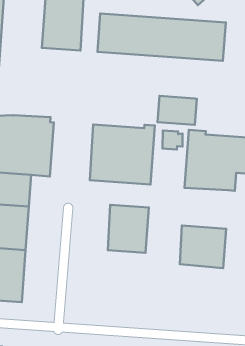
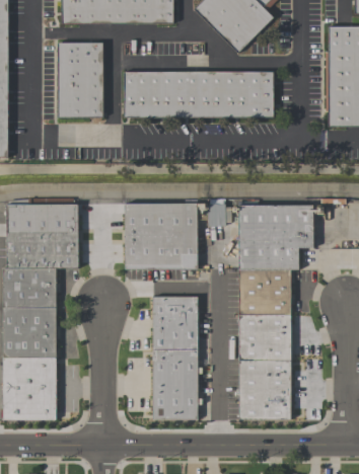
building: [158,96,197,125] -> none
building: none -> [238,269,291,315]
building: none -> [153,350,198,419]
building: none -> [239,361,291,419]

